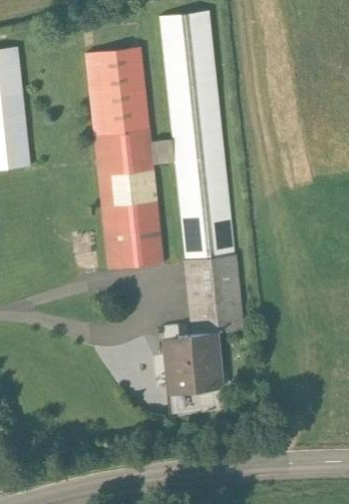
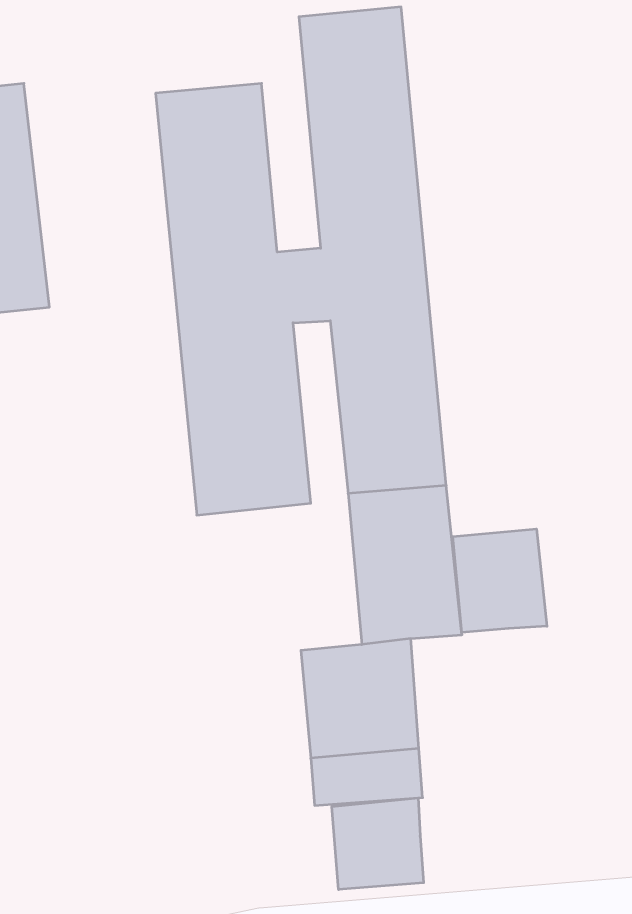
building: none -> [453,529,547,632]
building: none -> [332,798,424,890]

